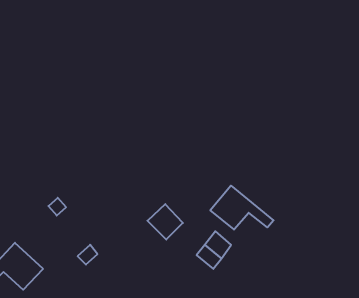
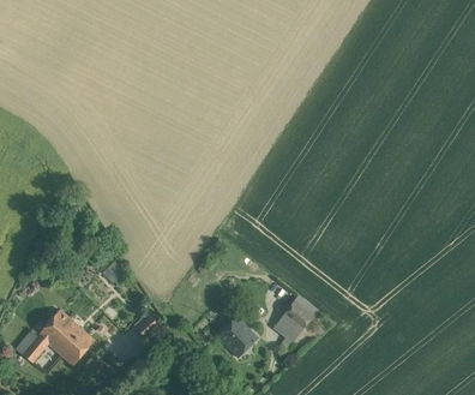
building: [210,186,274,230] -> none
building: [147,204,183,240] -> [216,316,257,357]

